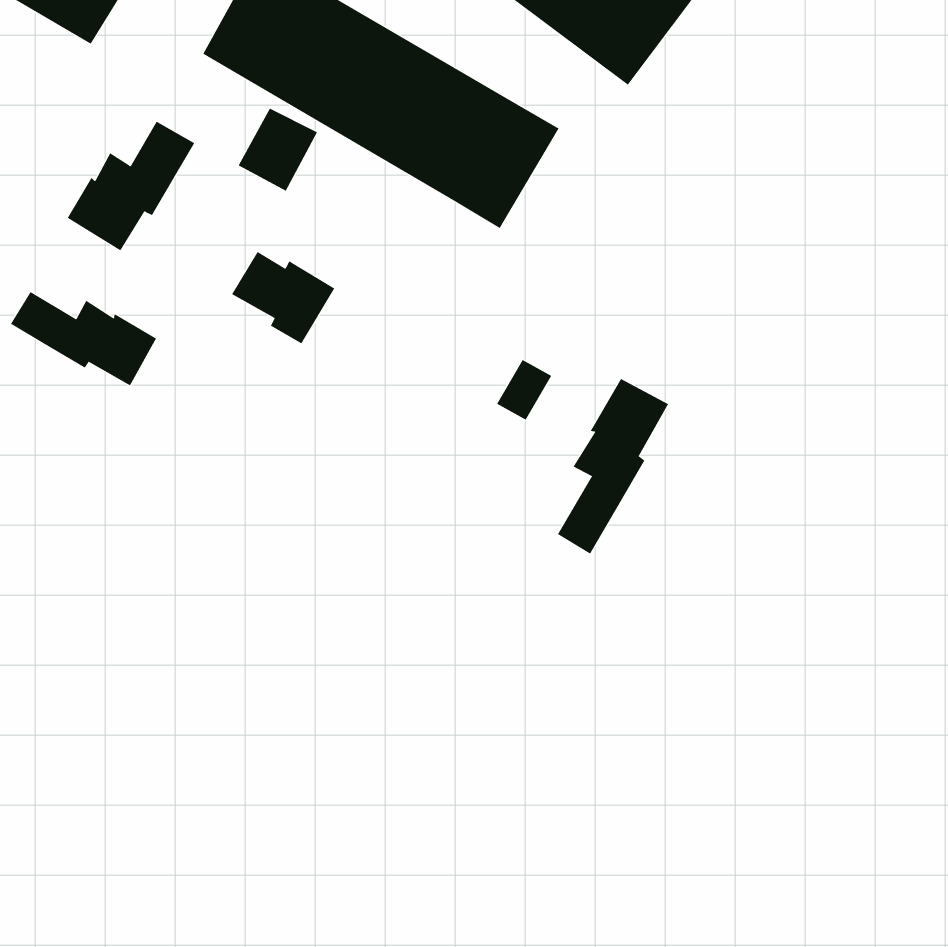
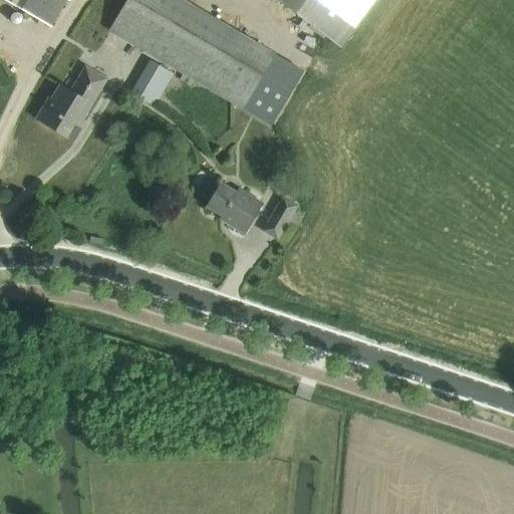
building: [231,251,335,344] -> [207,182,263,232]
building: [10,291,157,386] -> none
building: [557,378,669,555] -> none

